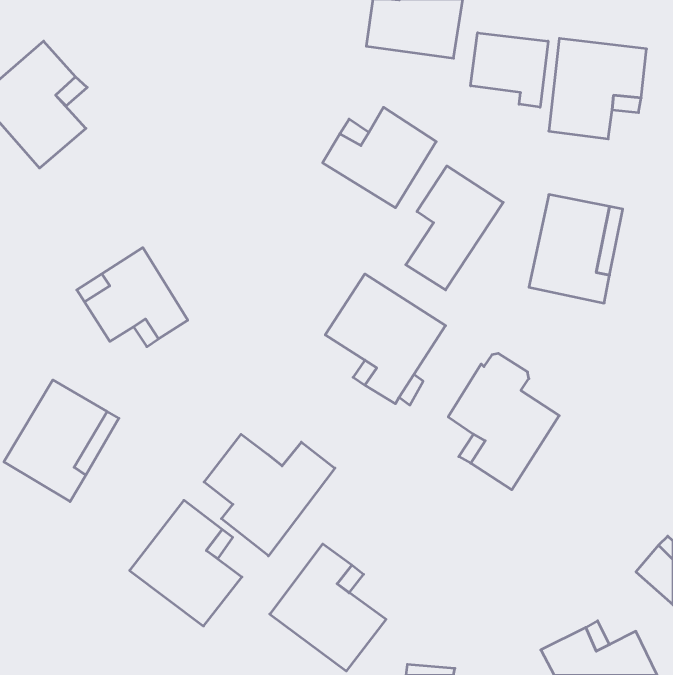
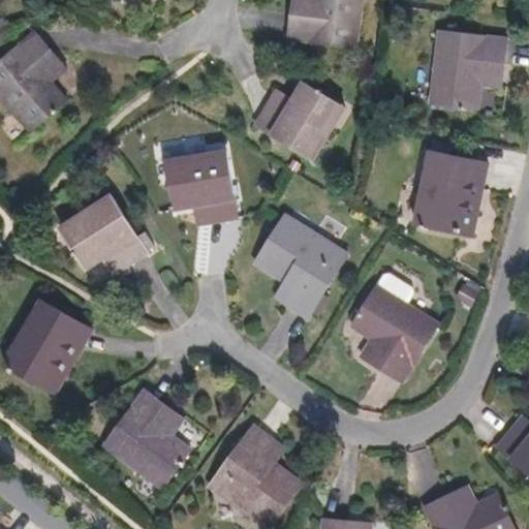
building: [471,33,548,107] -> none
building: [406,166,503,290] -> none
building: none -> [163,152,239,228]
building: [204,434,335,556] -> none

